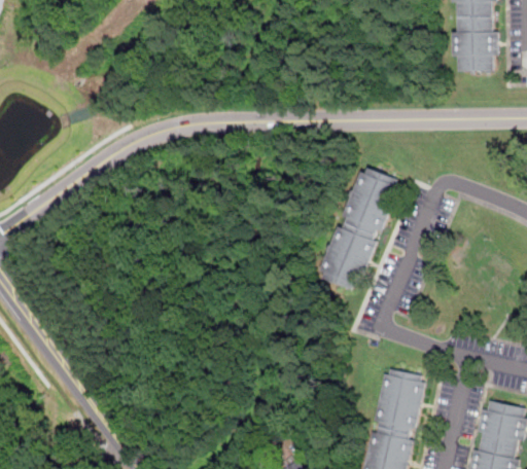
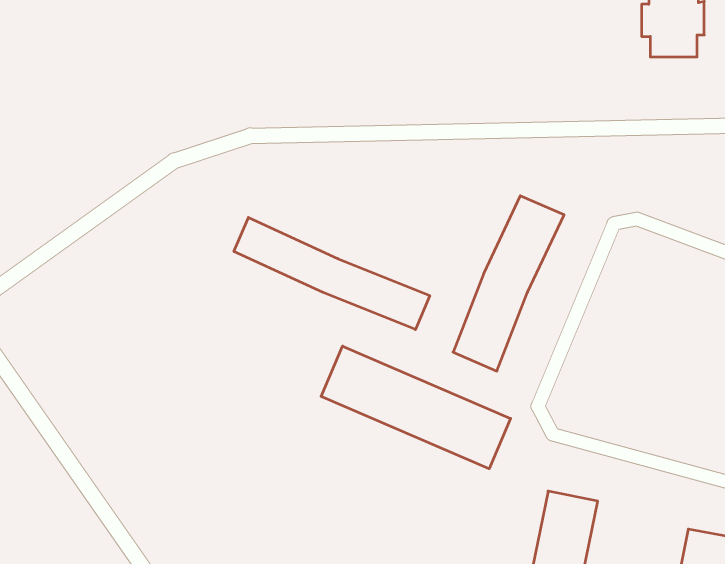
building: none -> [234,217,430,330]
building: none -> [321,346,511,469]

